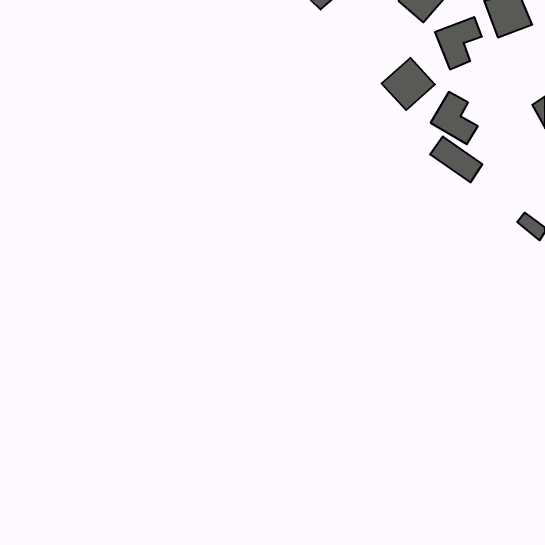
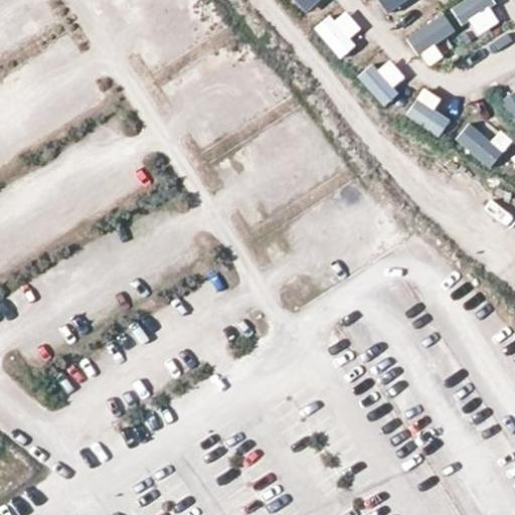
building: none -> [315,5,364,54]
building: [430,136,482,182] -> [454,124,503,167]

